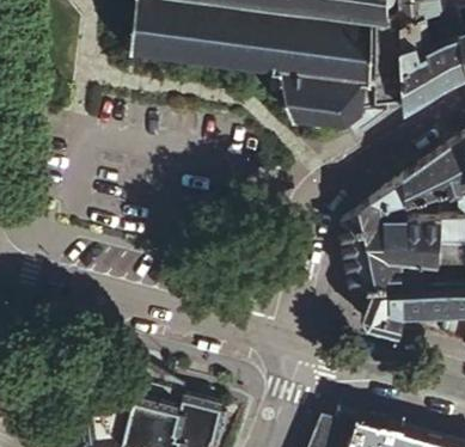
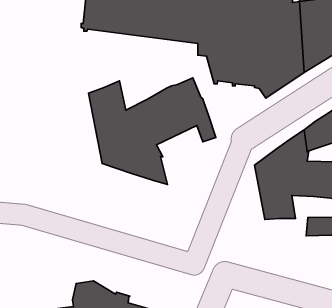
building: none -> [89,78,216,184]
building: [362,293,408,338] -> none

